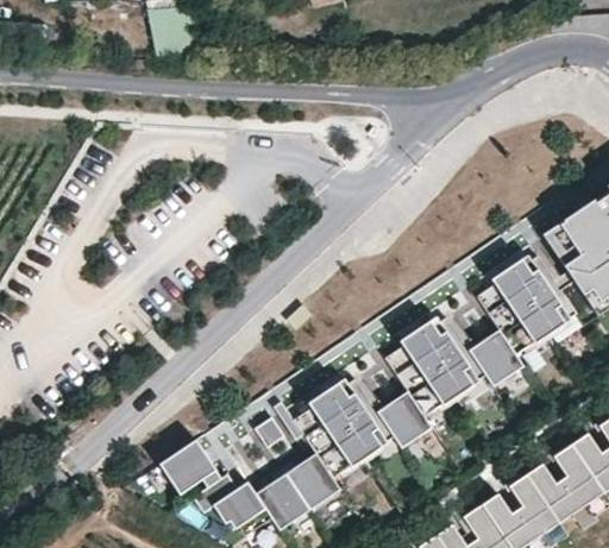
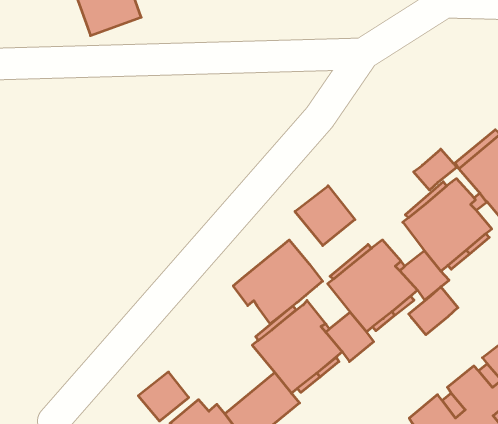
building: none -> [414,149,457,190]
building: none -> [295,186,355,246]
building: none -> [233,240,323,324]
building: none -> [409,287,458,335]

